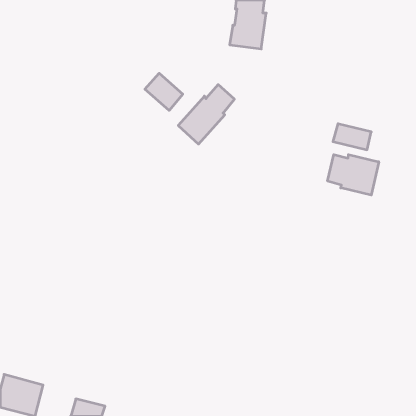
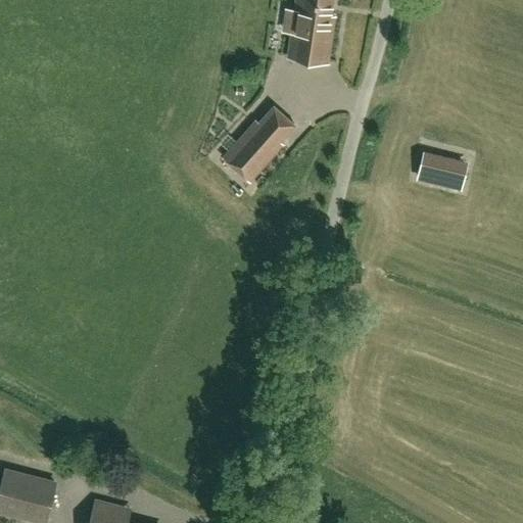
building: [145,73,183,110] -> none
building: [328,155,379,195] -> none

